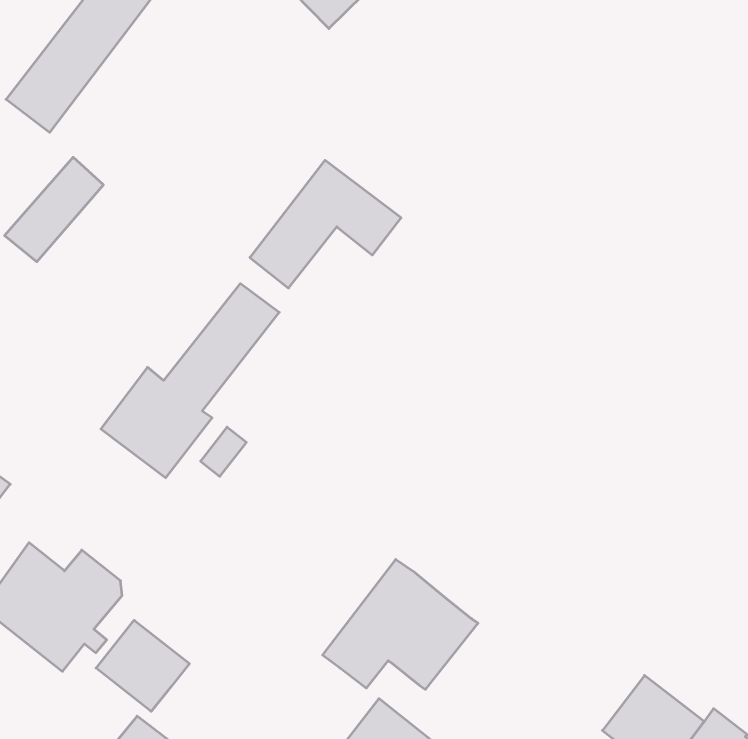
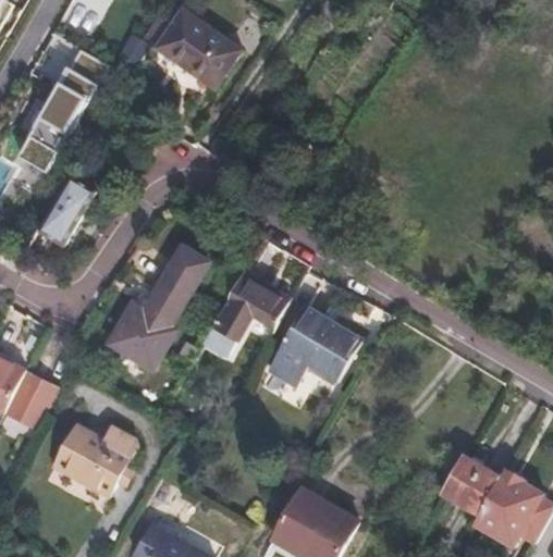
building: [250,160,401,288] -> [201,274,290,355]
building: [323,559,478,689] -> [270,310,361,391]
building: [96,620,189,711] -> none

